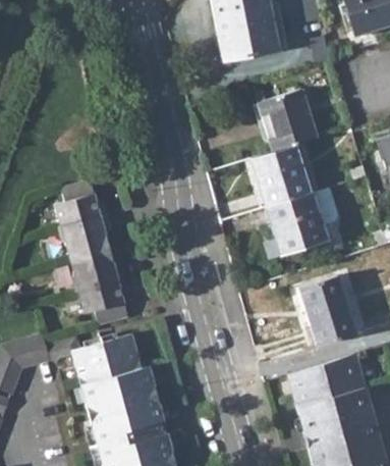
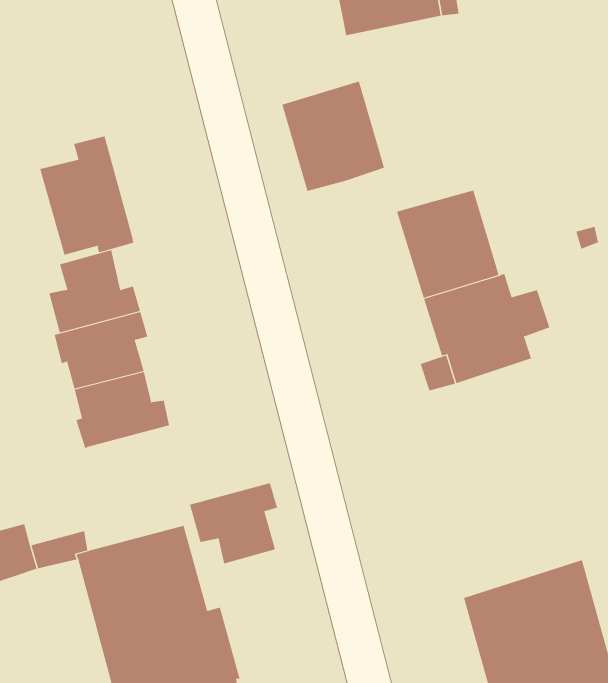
building: [259,90,317,152] -> [282,81,385,192]
building: none -> [39,135,134,255]
building: [298,275,356,346] -> none
building: [78,278,128,324] -> [189,483,278,564]

